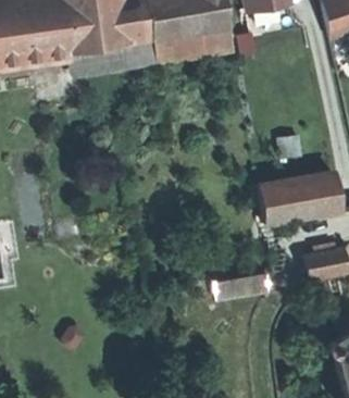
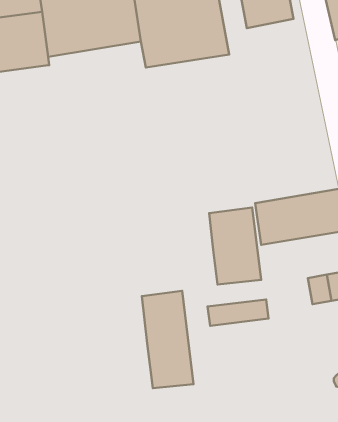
building: [67,39,157,75] -> none
building: none -> [209,207,261,284]
building: none -> [142,291,193,388]

